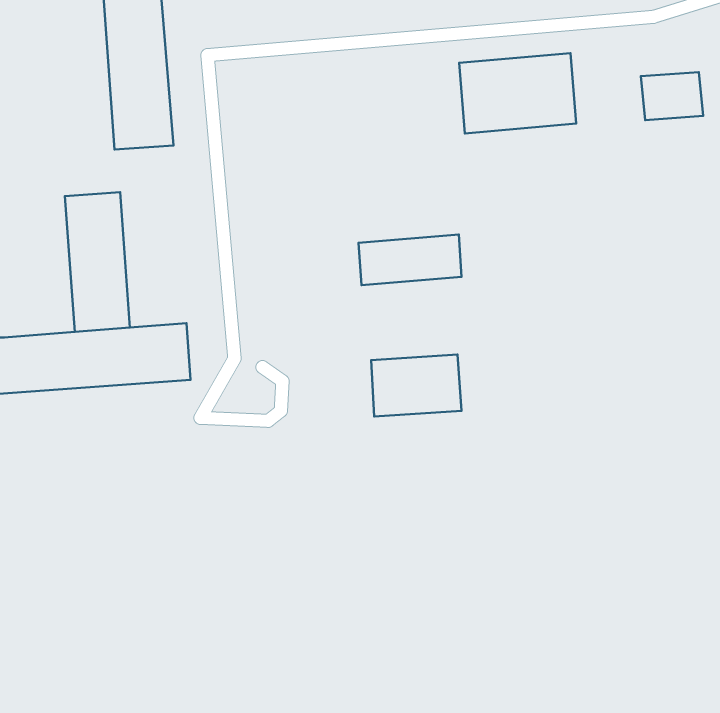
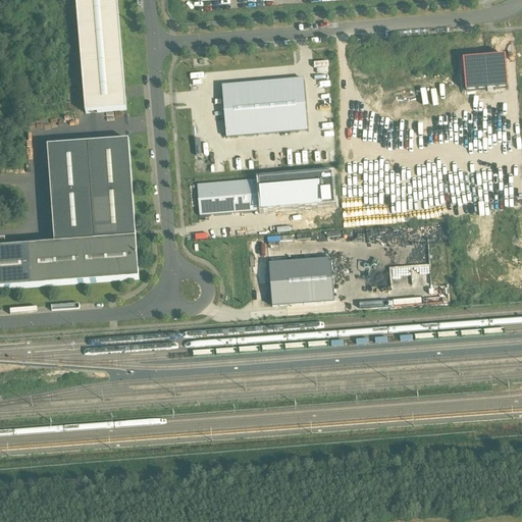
building: [459,53,576,134] -> [222,75,307,134]
building: none -> [87,136,135,237]
building: none -> [196,175,261,212]

